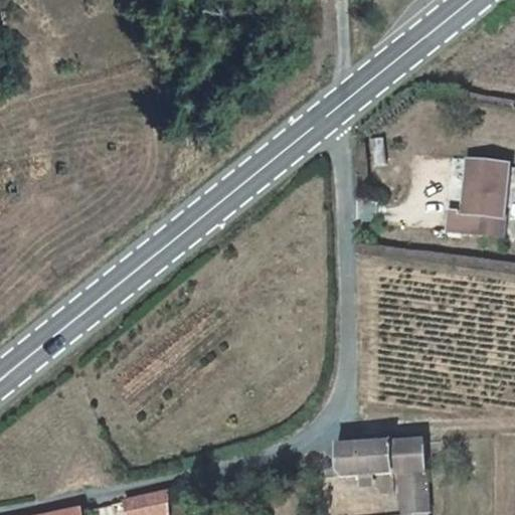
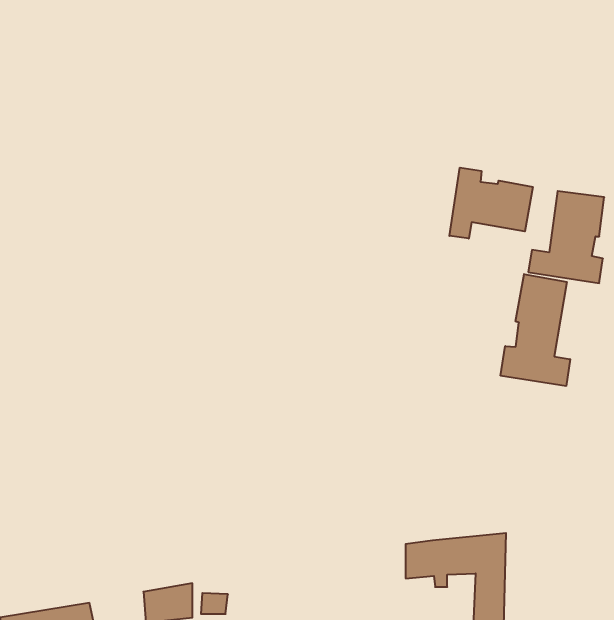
building: none -> [449,168,533,239]
building: none -> [501,274,570,386]

